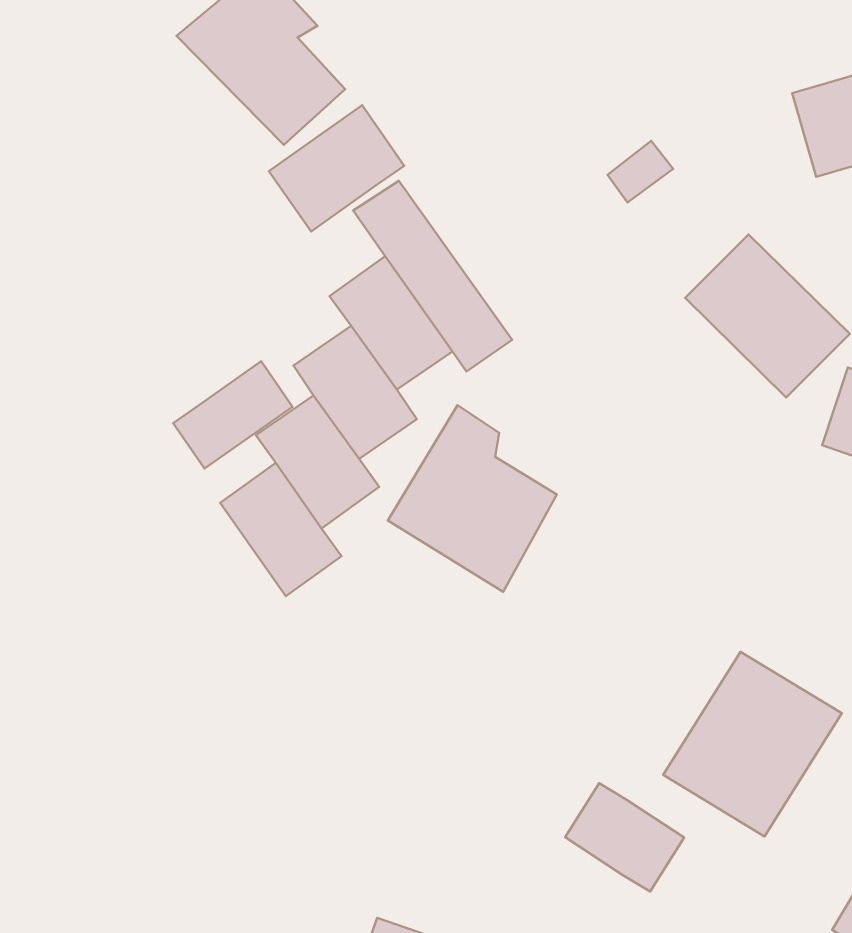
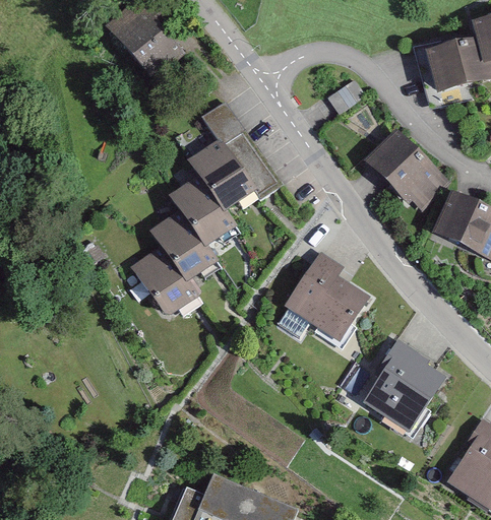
building: [269,105,404,232] -> none
building: [173,361,292,469] -> none
building: [388,405,557,592] -> [291,251,377,346]
building: [565,783,684,892] -> none

